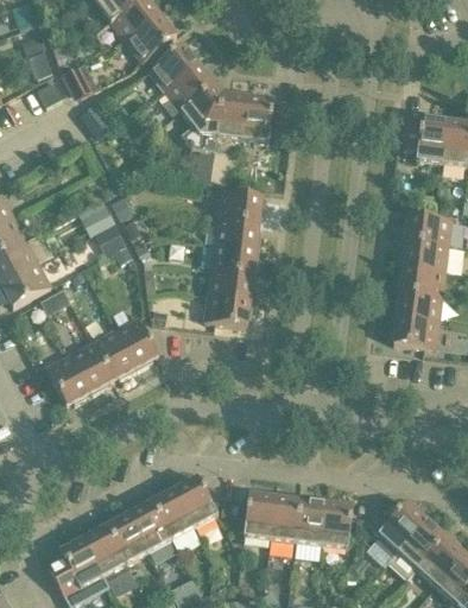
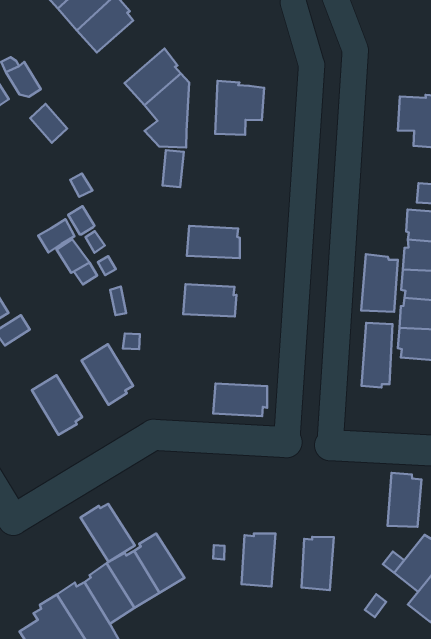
building: [148,43,202,90] -> none
building: [217,90,247,138] -> none
building: [215,192,264,223] -> none
building: [209,245,258,274] -> none
building: none -> [361,254,398,312]
building: [202,296,251,327] -> [213,384,267,416]
building: none -> [362,323,392,387]
building: [91,331,135,381] -> none
building: [45,355,90,406] -> none
building: [171,476,217,527] -> [80,504,135,562]
building: [270,493,301,542] -> none
building: [321,499,353,547] -> [388,473,422,527]

